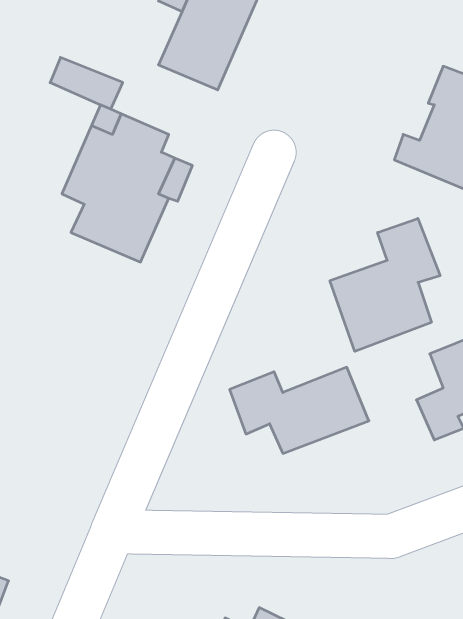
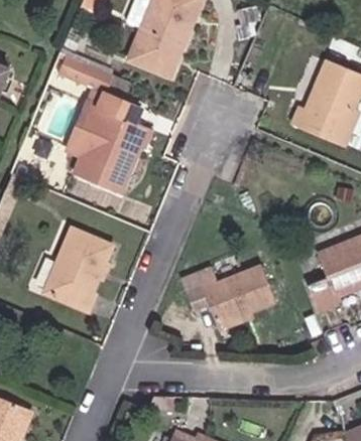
building: [330,218,440,351] -> none
building: none -> [42,228,110,310]

